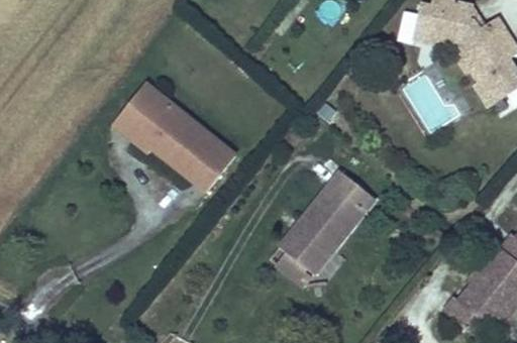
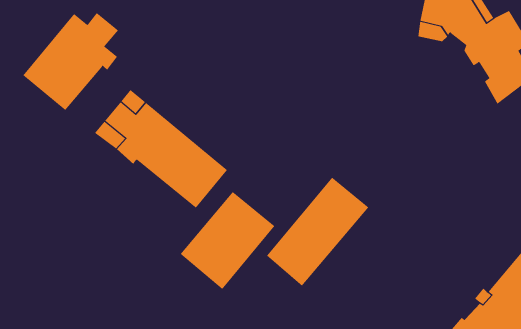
building: none -> [23,12,119,111]
building: none -> [180,191,275,290]

